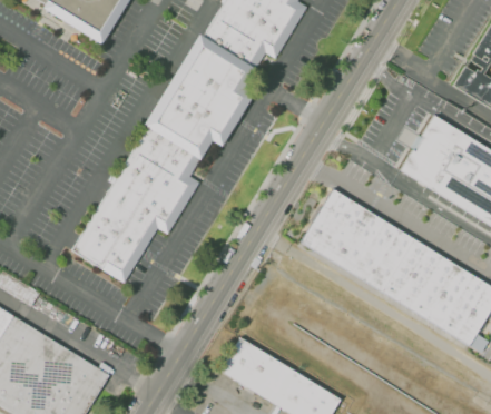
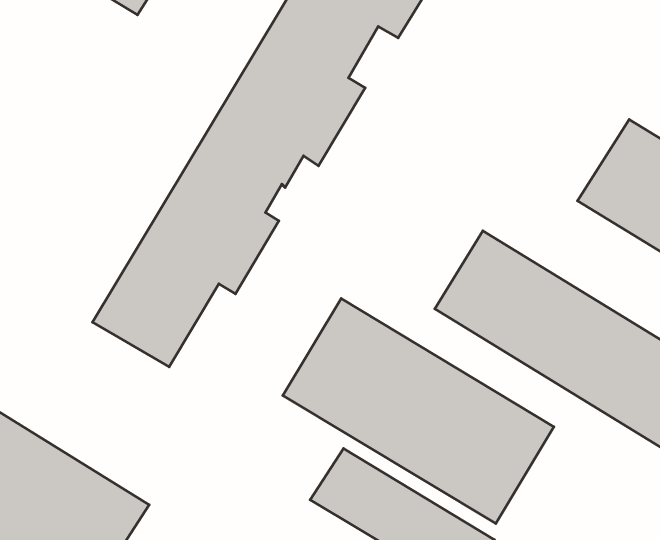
building: none -> [283,299,554,524]

